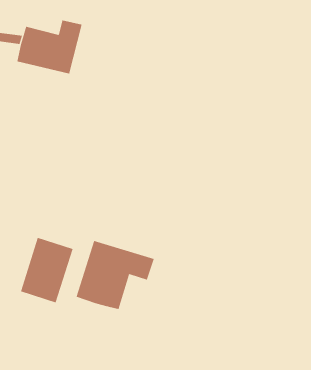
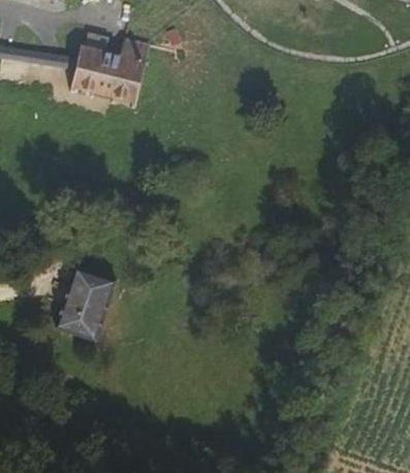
building: [76,240,155,310] -> none

